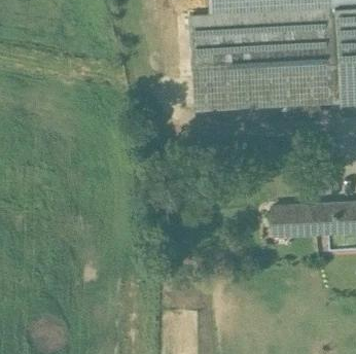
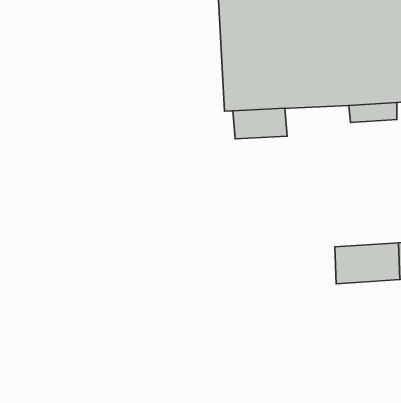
building: none -> [233,108,287,139]

